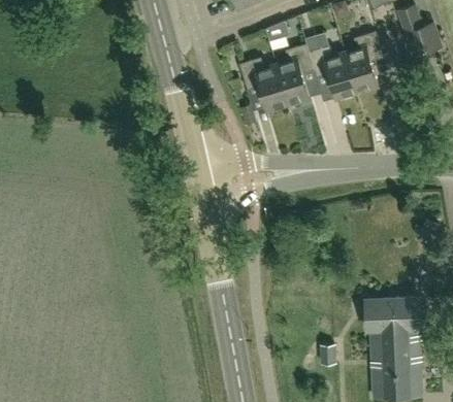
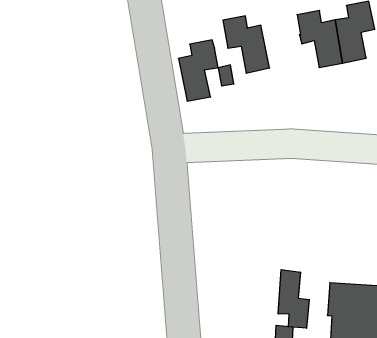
building: [276,44,314,104] -> [178,40,218,101]
building: none -> [278,270,309,328]

